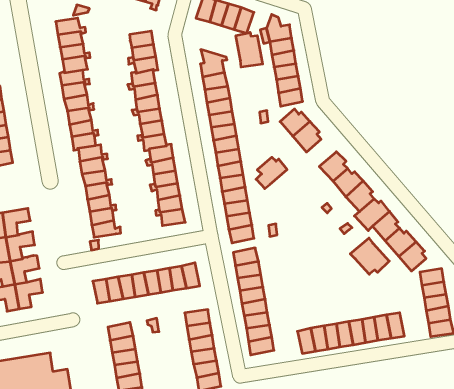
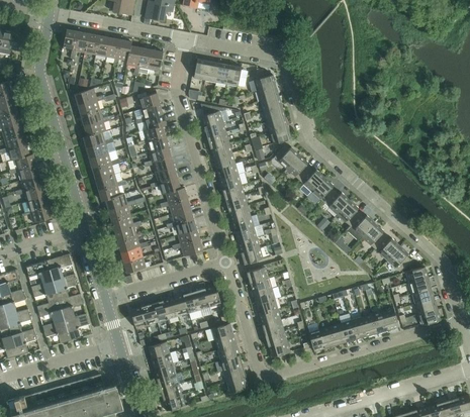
building: [236,32,263,67] -> none
building: [256,157,287,189] -> [299,169,324,196]
building: [350,238,389,274] -> none

